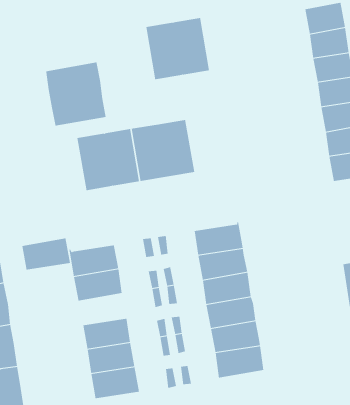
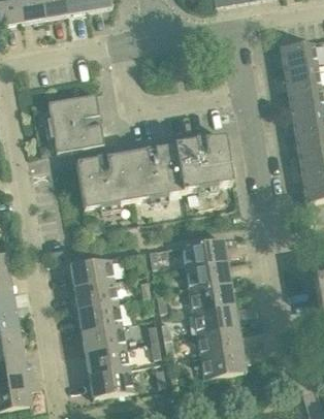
building: [145,18,210,80] -> [174,137,232,193]
building: [21,238,71,270] -> [77,301,122,330]

